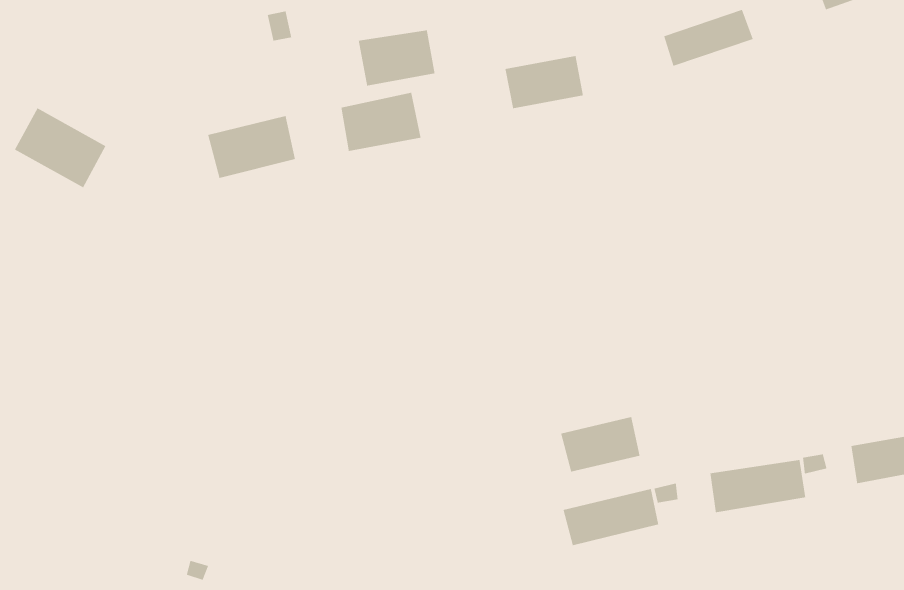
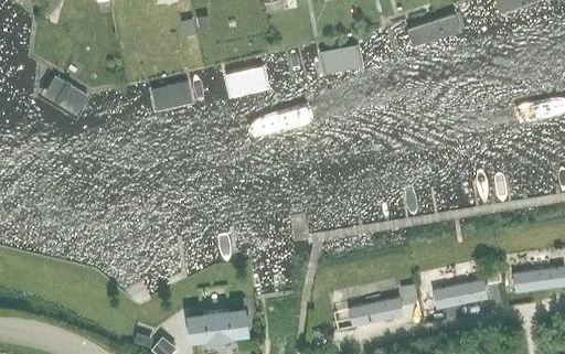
building: [358,30,436,87] -> none
building: [560,416,641,472] -> none
building: none -> [188,310,247,343]

